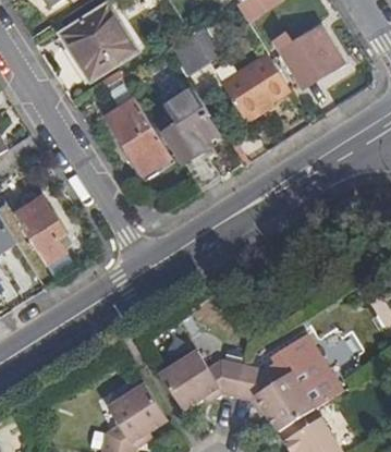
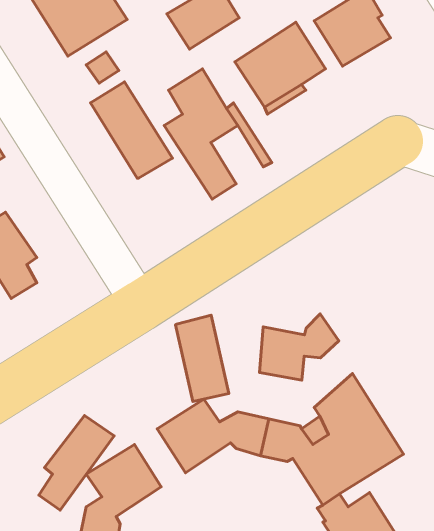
building: none -> [259,314,339,380]
building: none -> [175,315,229,402]
building: none -> [39,415,114,510]

